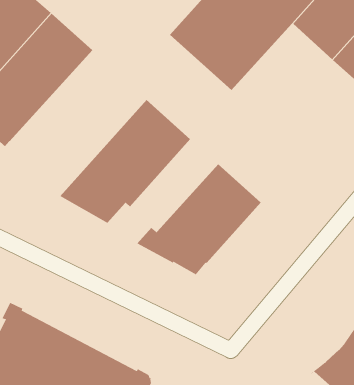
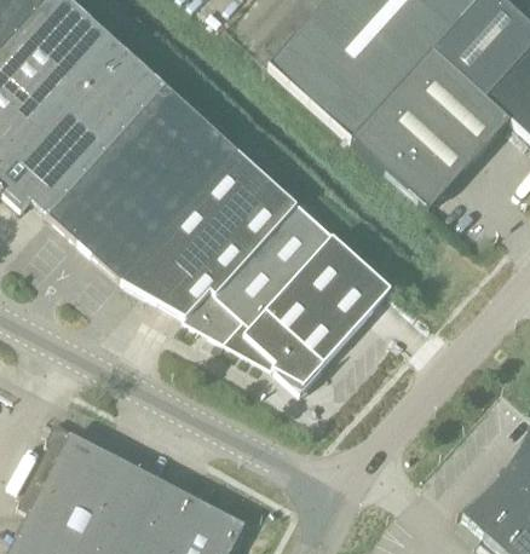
building: none -> [351,50,509,208]
building: none -> [48,85,237,279]
building: none -> [182,203,333,342]

